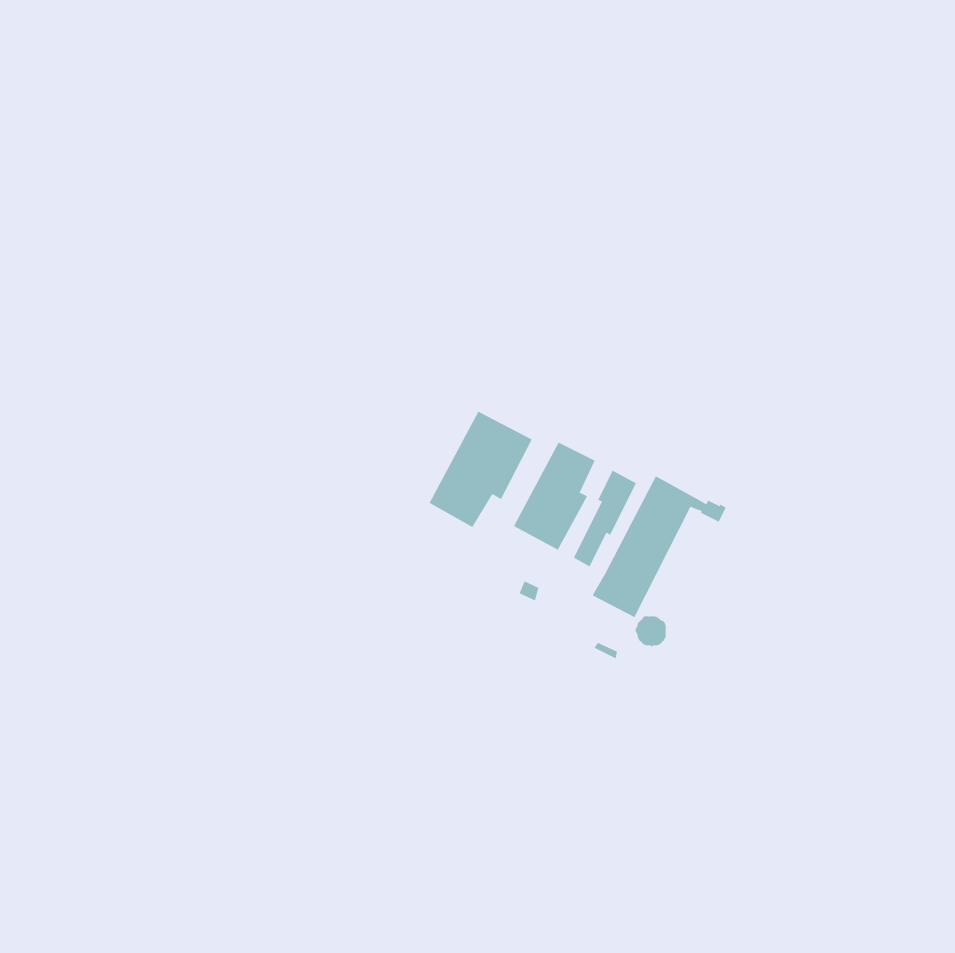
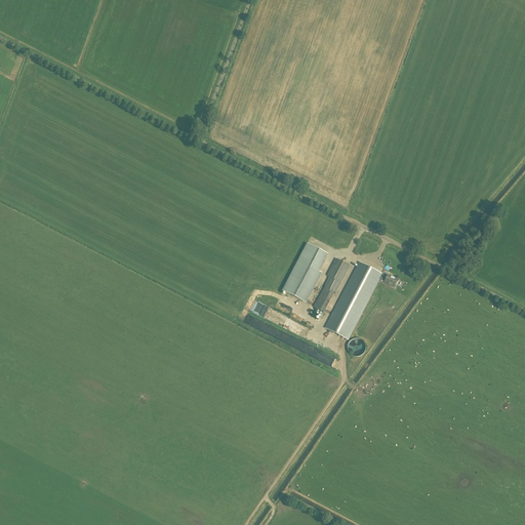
building: [429,411,532,528] -> none

